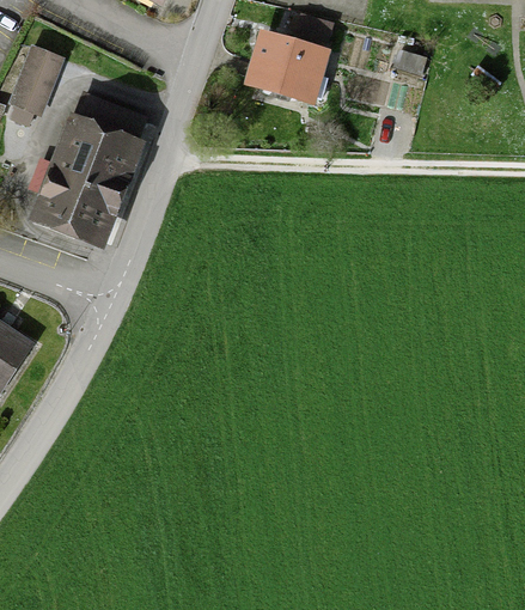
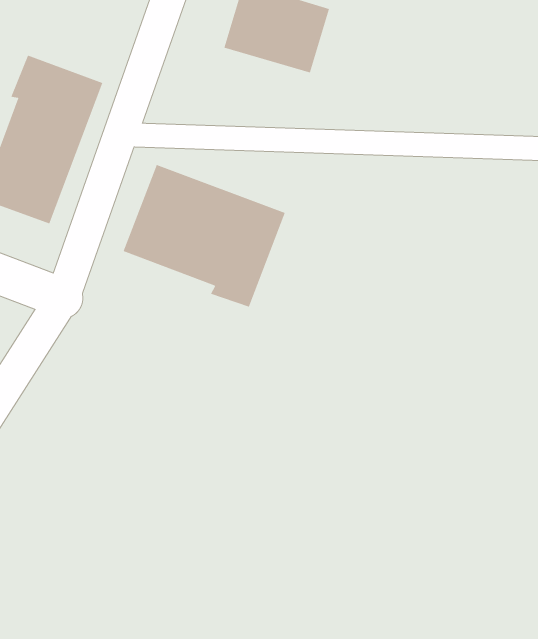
building: none -> [123,164,285,308]

